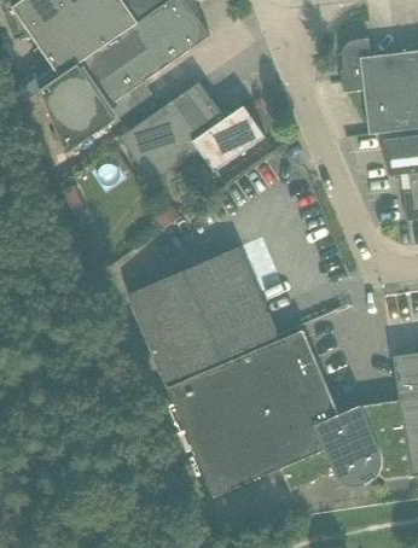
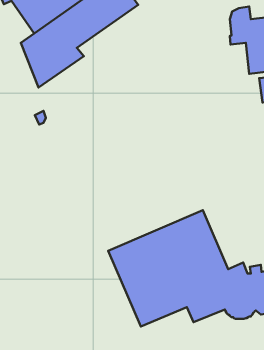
building: [121,81,266,182] -> none
building: [128,245,278,381] -> none

